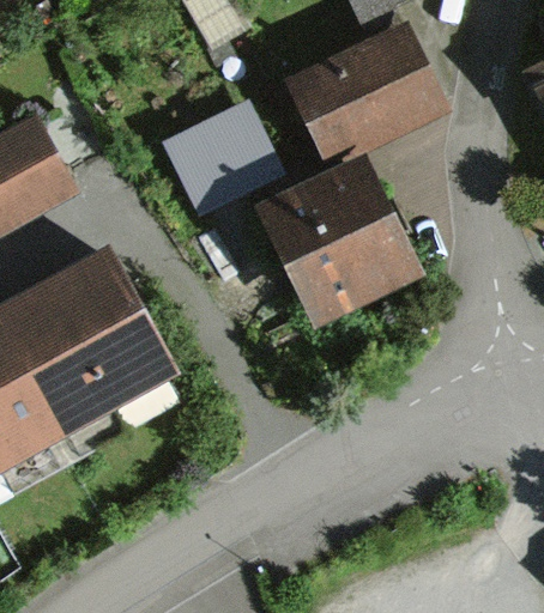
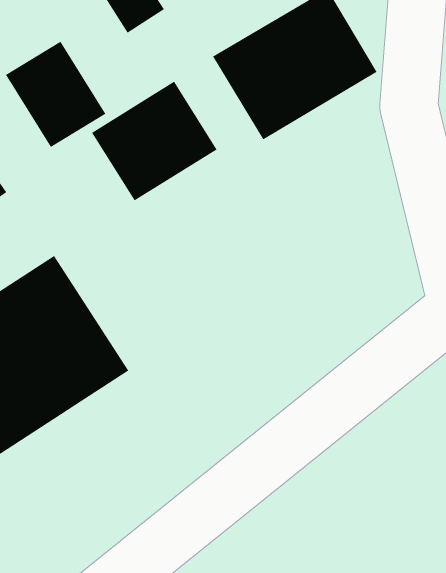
building: none -> [5,41,106,148]
building: [256,150,430,327] -> none

